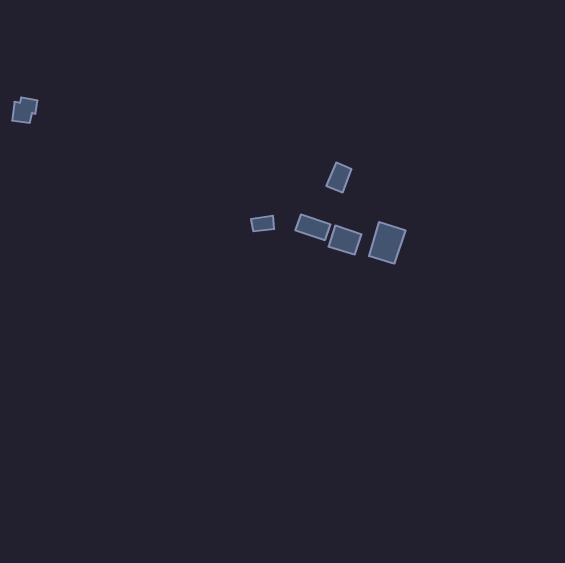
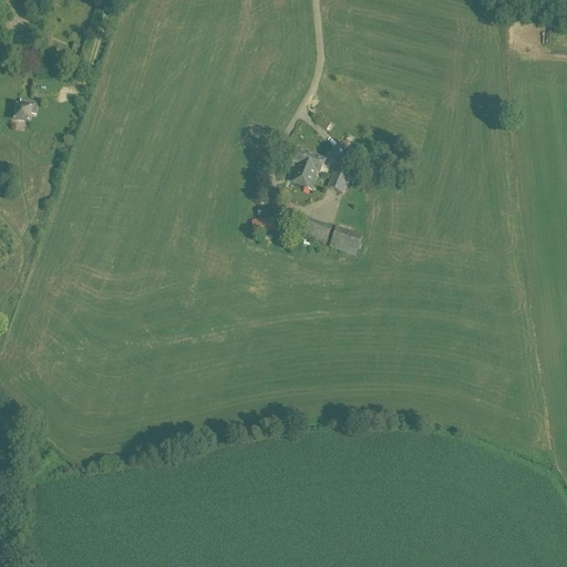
building: none -> [288,147,324,188]
building: [369,222,405,264] -> none

